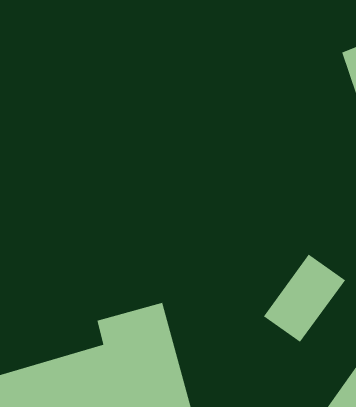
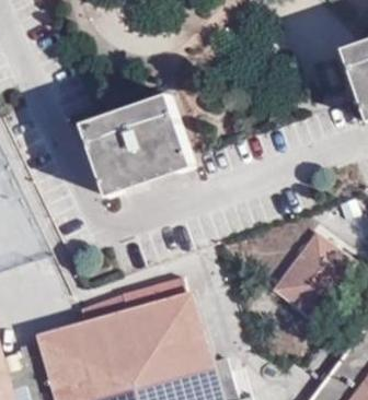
building: none -> [83,95,194,192]

